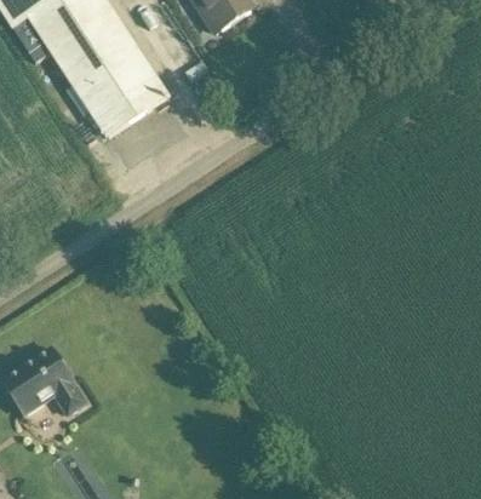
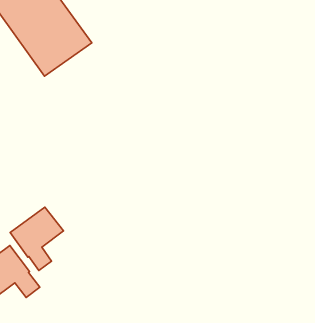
building: none -> [10,207,63,271]

